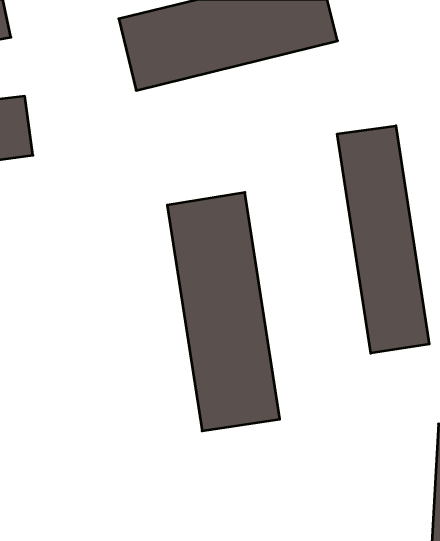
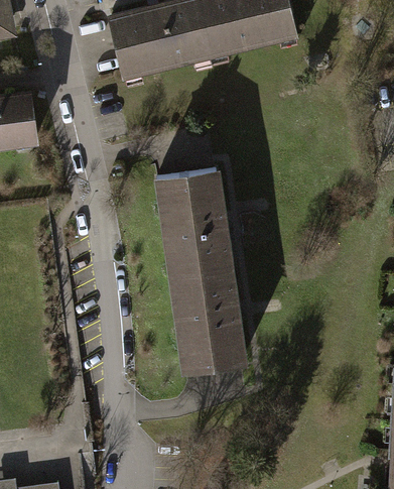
building: [337,126,429,353] -> none

